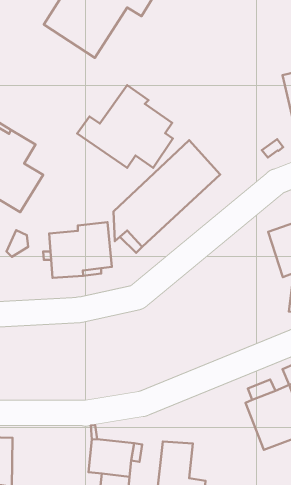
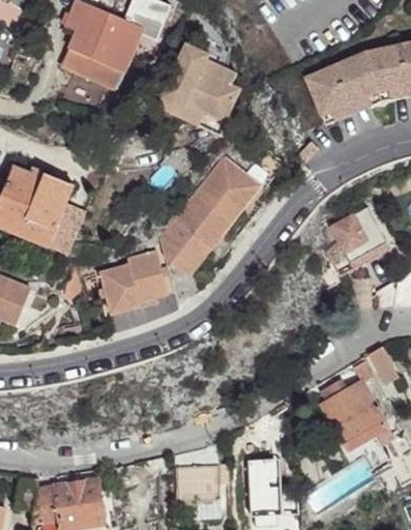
building: [77,85,173,168] -> [145,43,240,125]

